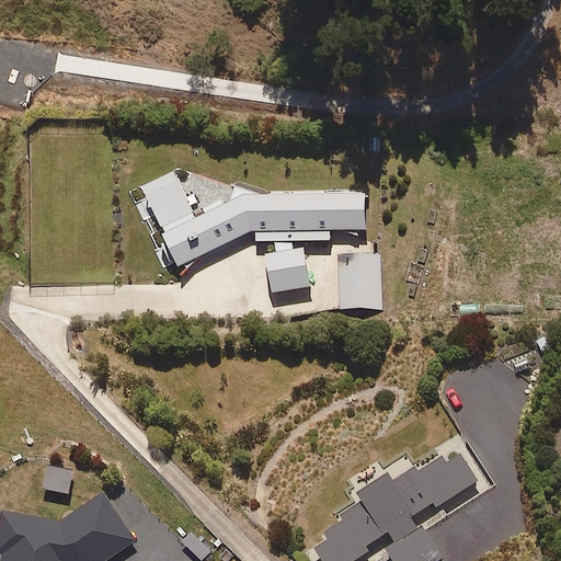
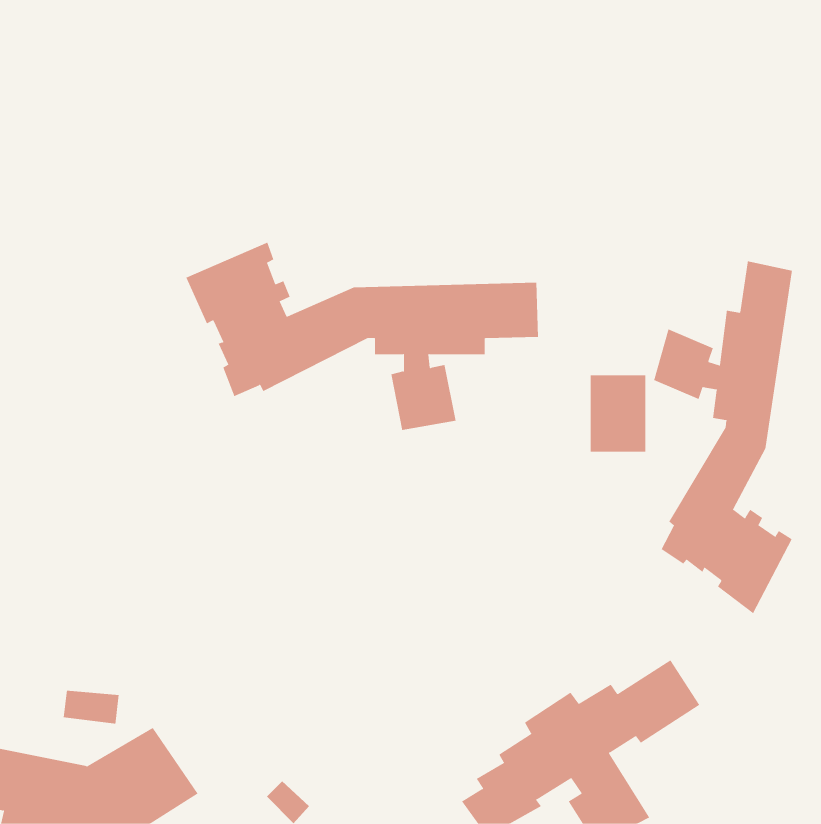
building: none -> [654,260,793,614]
building: [340,256,378,309] -> [590,375,646,452]

